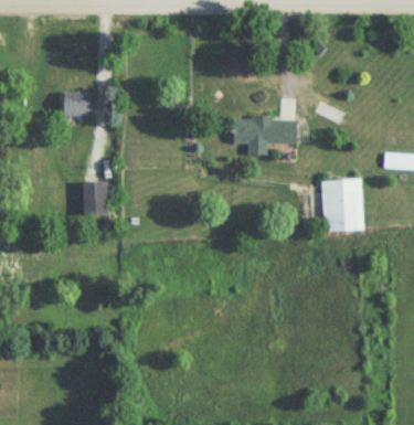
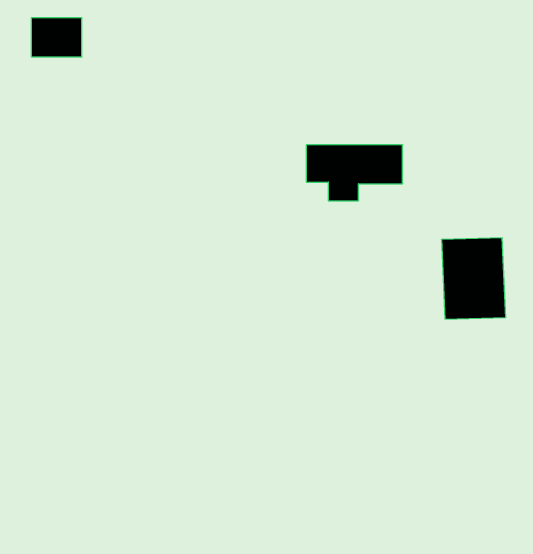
building: [62,92,95,117] -> [31,18,82,57]
building: [83,182,107,215] -> none

